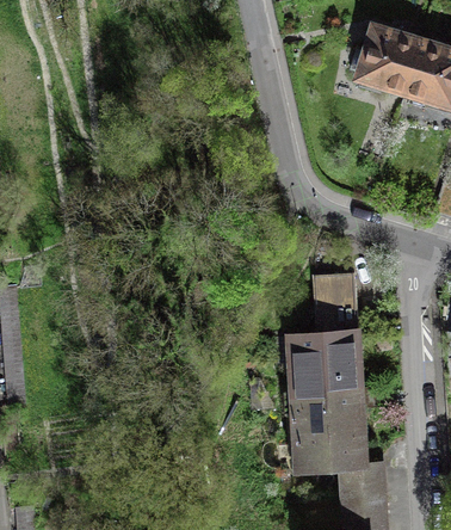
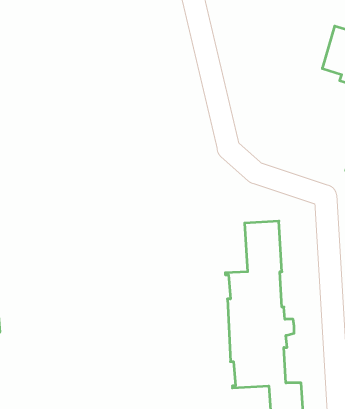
building: [357,27,419,92] -> none

